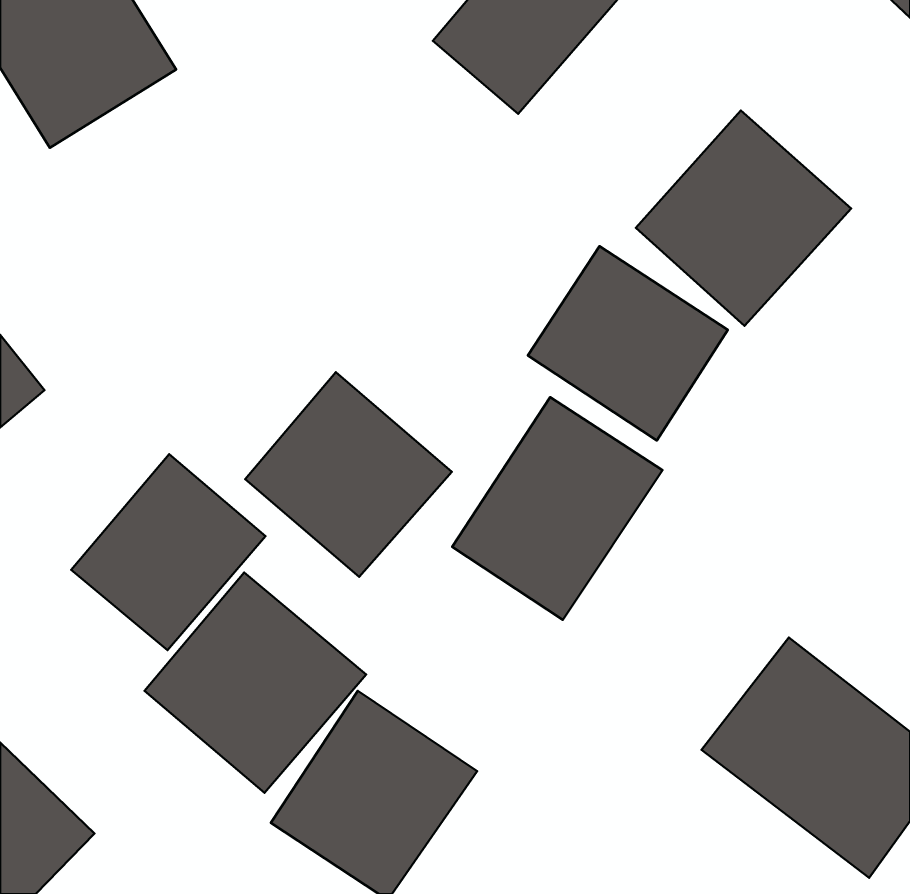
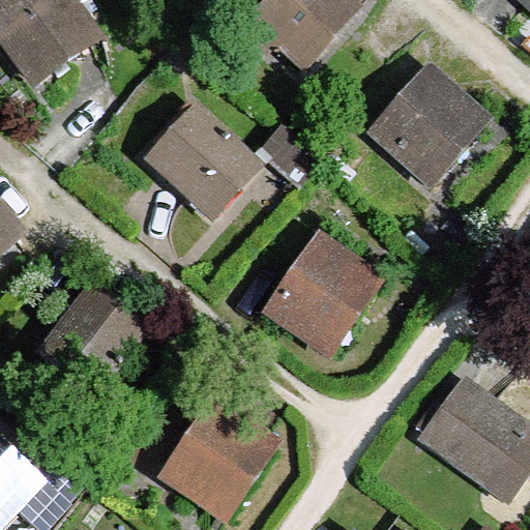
building: [528,246,728,441] -> none
building: [245,372,452,577] -> [135,93,255,212]
building: [145,573,366,793] -> none

